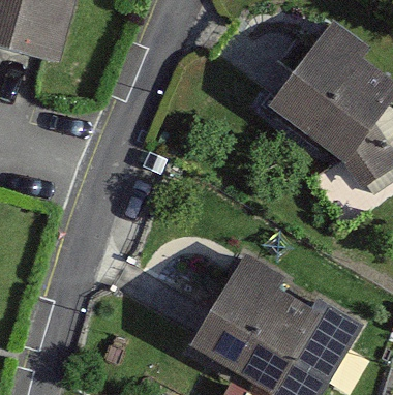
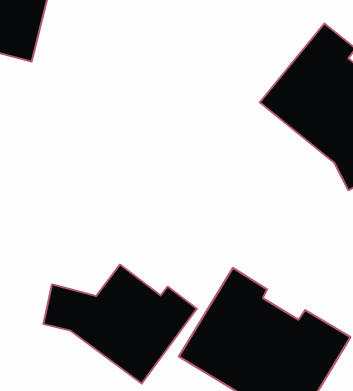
building: none -> [43,265,197,384]

